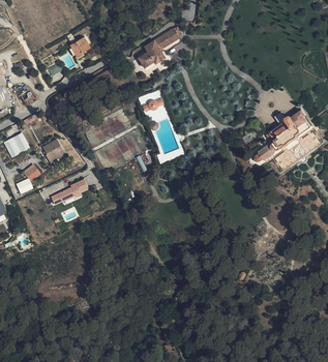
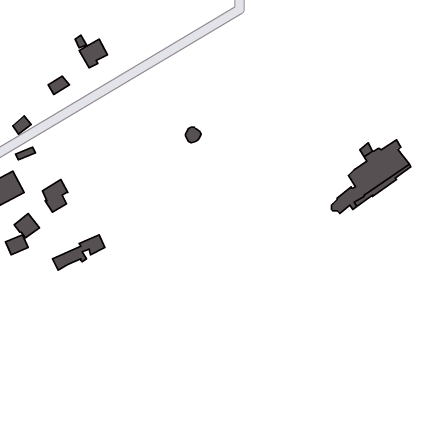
building: [138,27,179,66] -> none

